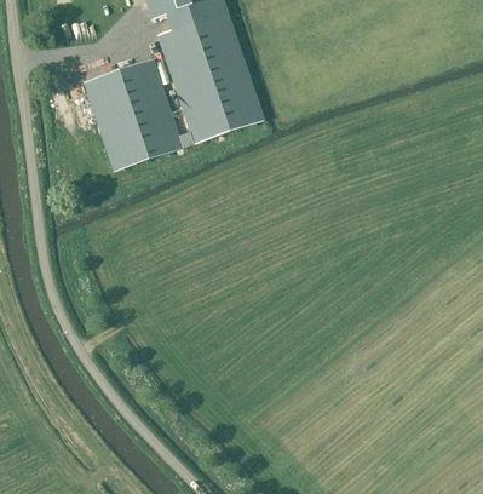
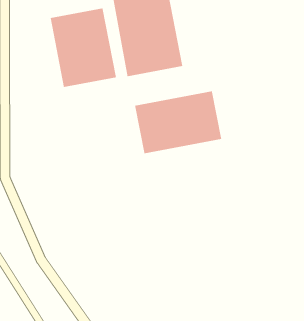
building: none -> [135,90,222,154]

